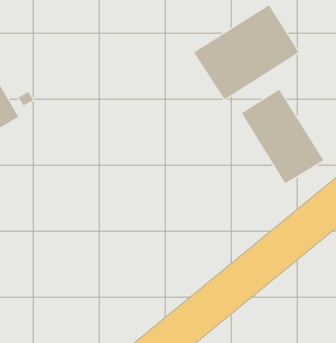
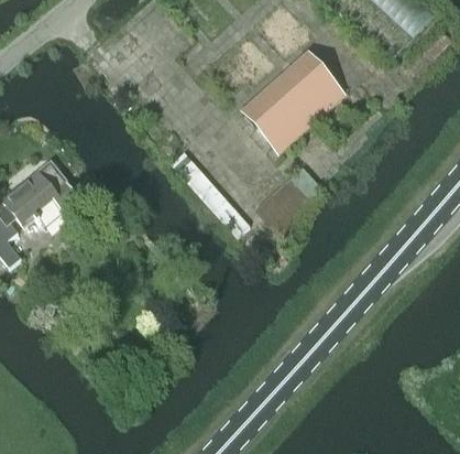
building: [241,89,324,184] -> none

